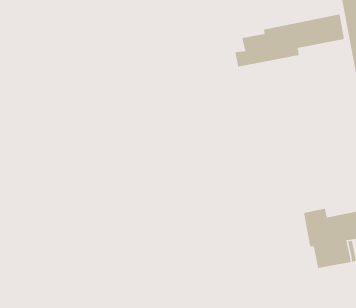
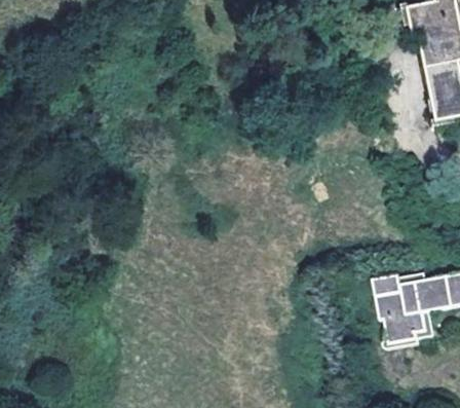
building: [234,14,345,67] -> none

